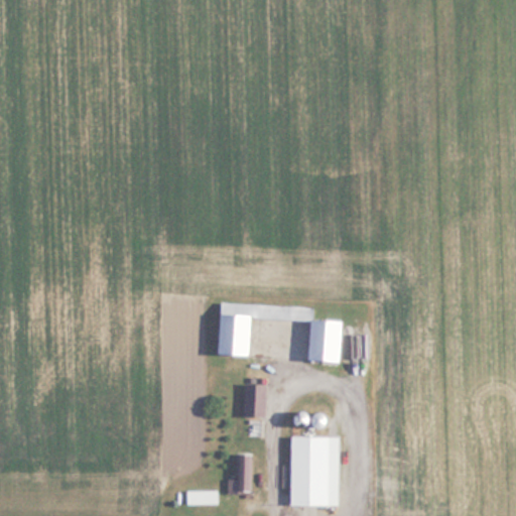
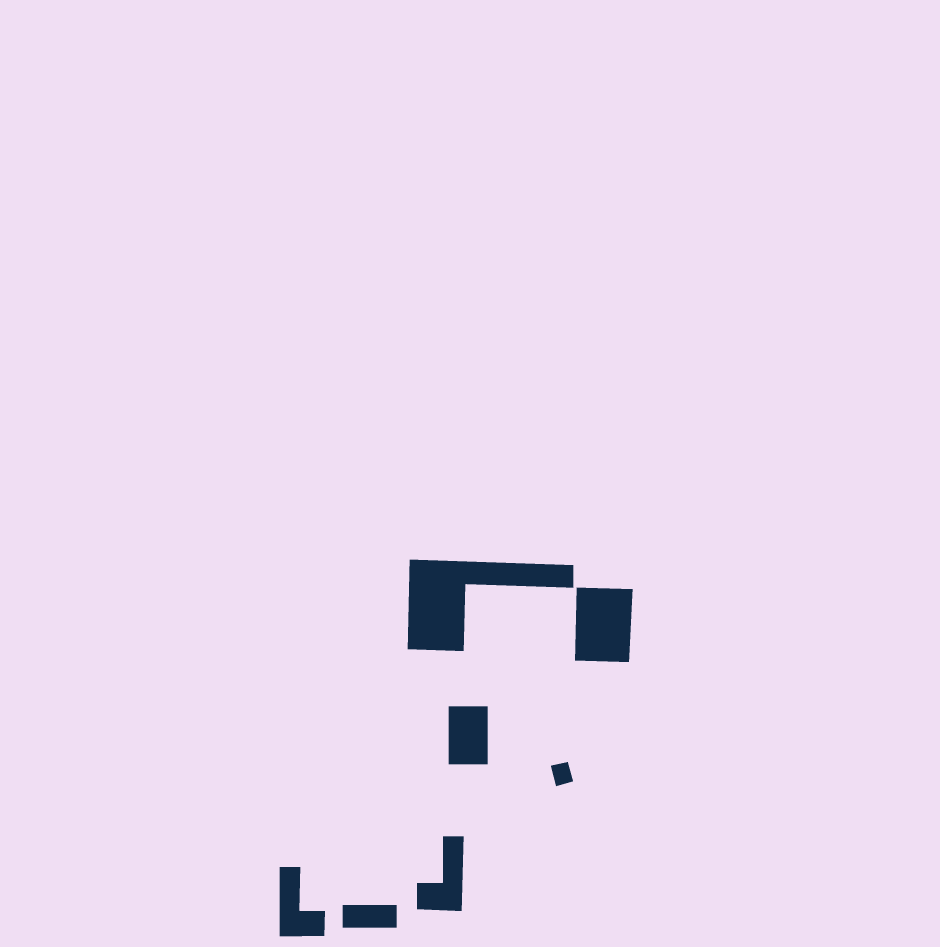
building: [290,436,329,507] -> none
building: none -> [279,866,326,937]

